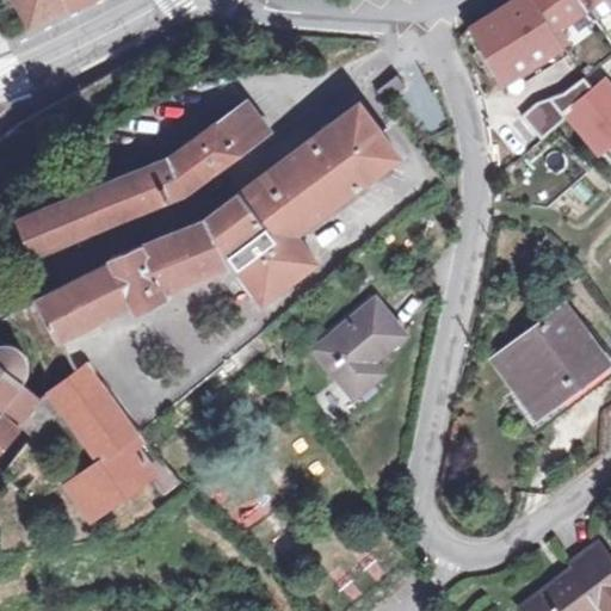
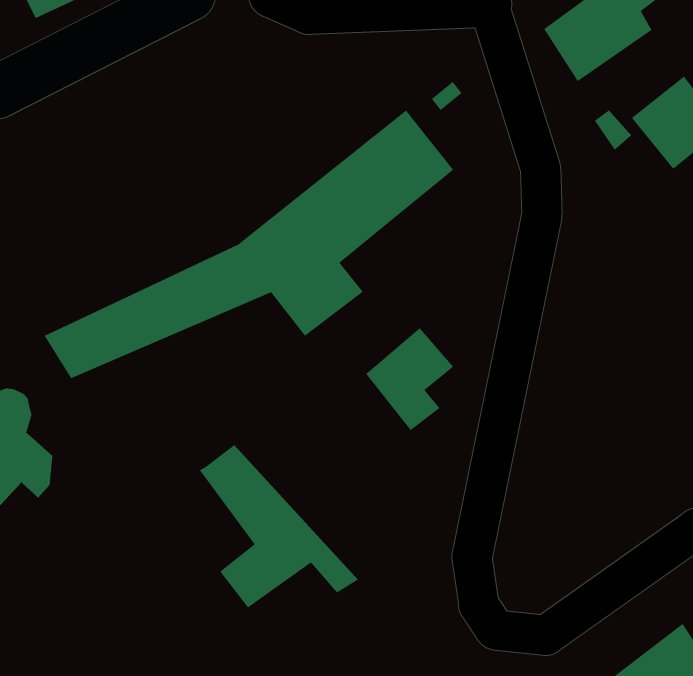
building: [26,103,271,252] -> none
building: [489,304,599,413] -> none
building: [51,372,191,516] -> [199,444,359,609]

